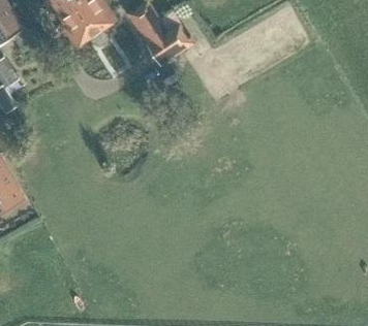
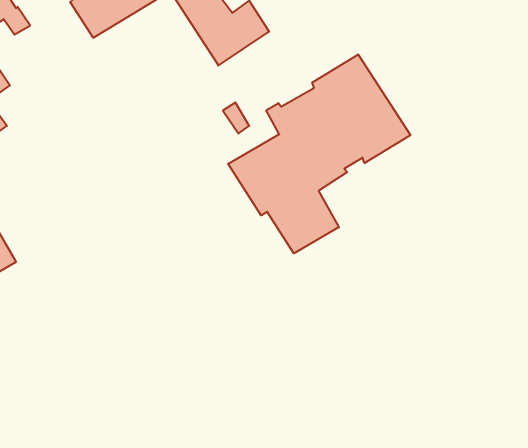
building: none -> [228,54,410,253]

